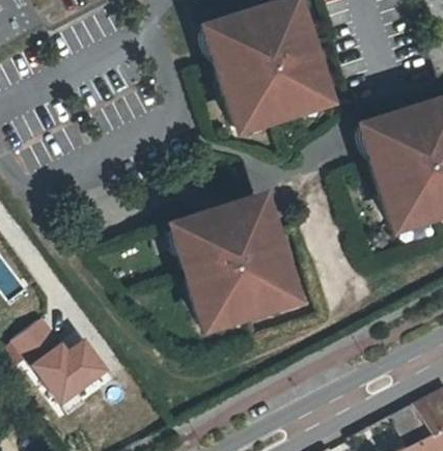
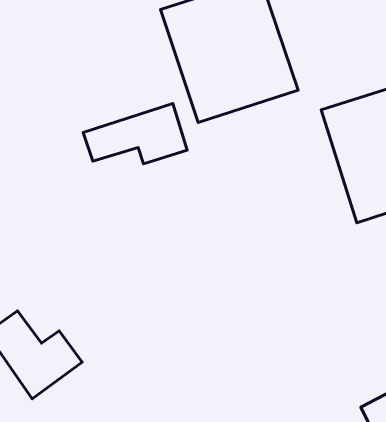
building: none -> [83,104,187,164]
building: [164,191,301,336] -> none

